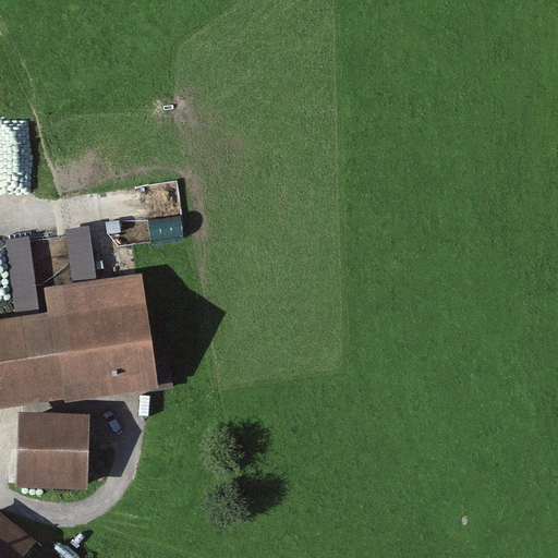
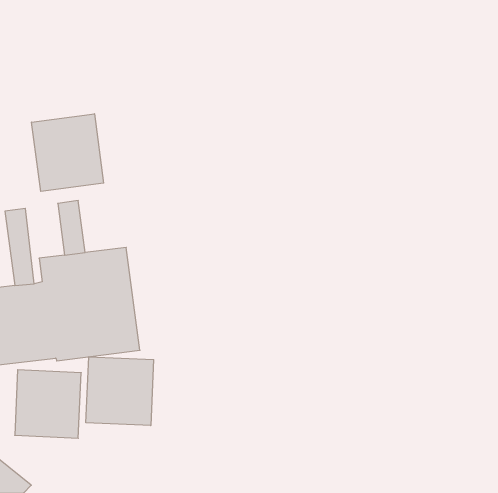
building: none -> [32,114,104,191]
building: none -> [86,357,154,426]

